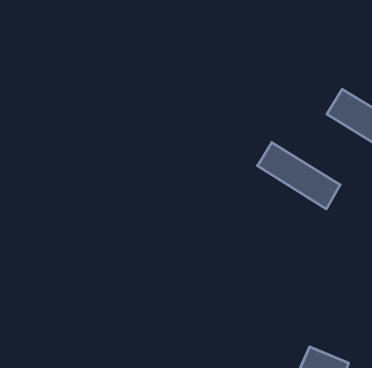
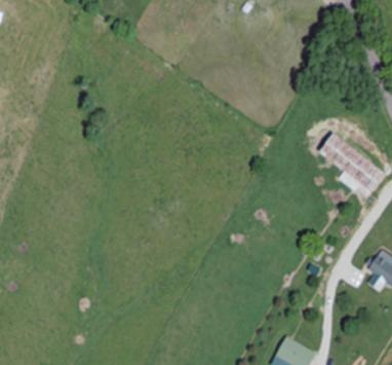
building: [257,142,340,209] -> none

